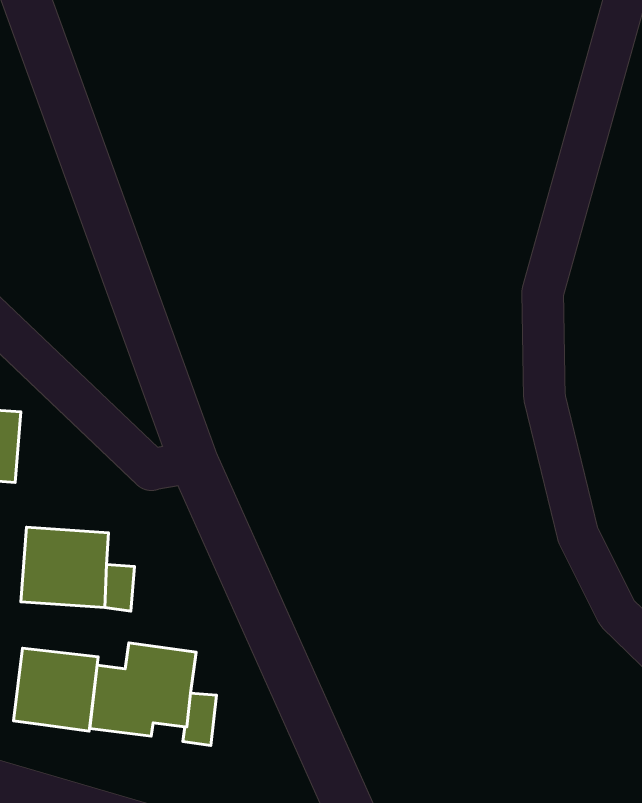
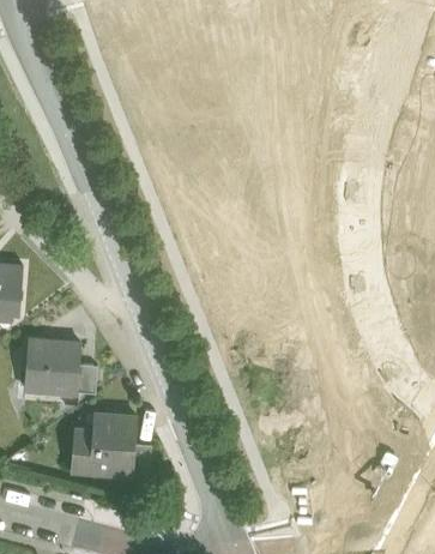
building: [14,648,98,731] -> none

